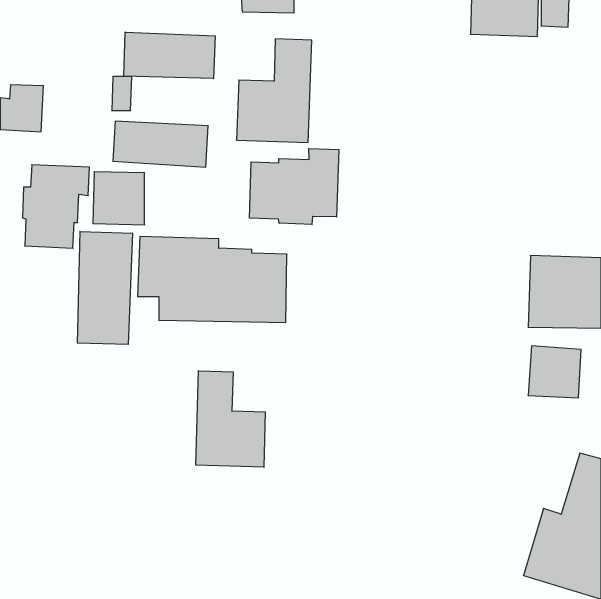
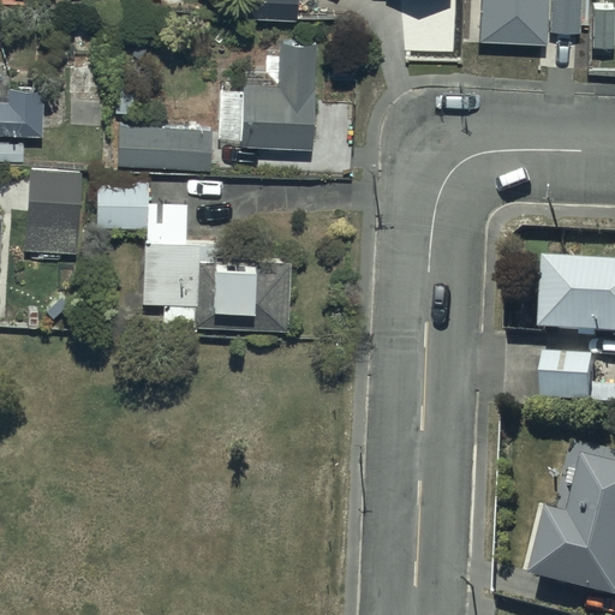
building: [124,32,215,79] -> none
building: [249,149,339,225] -> none
building: [77,231,132,344] -> none
building: [196,371,265,467] -> none

